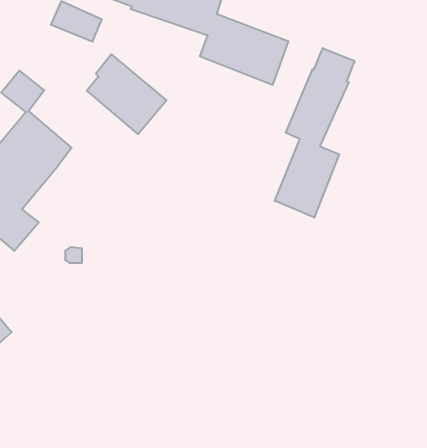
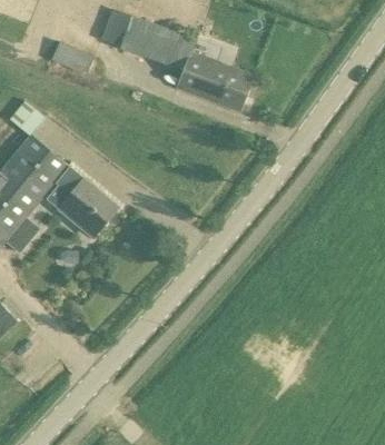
building: [275,48,354,218] -> none
building: [87,54,167,134] -> [49,168,117,236]

